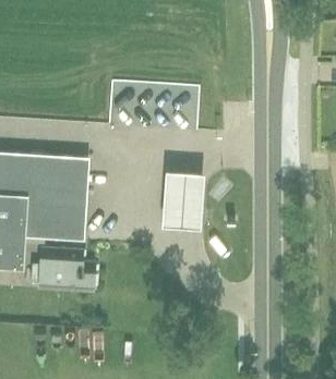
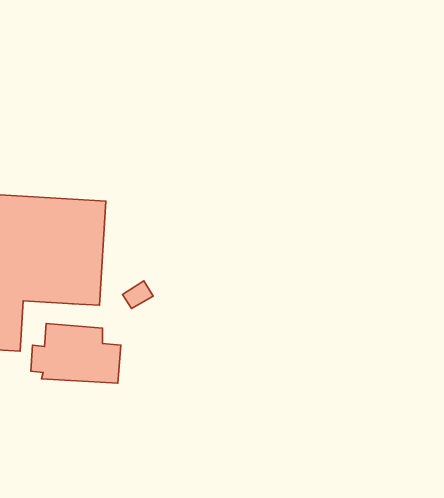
building: [164,166,206,224] -> none

